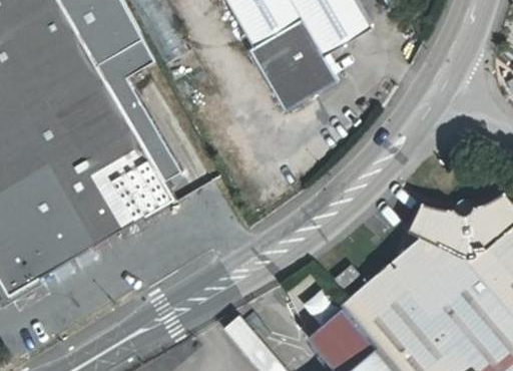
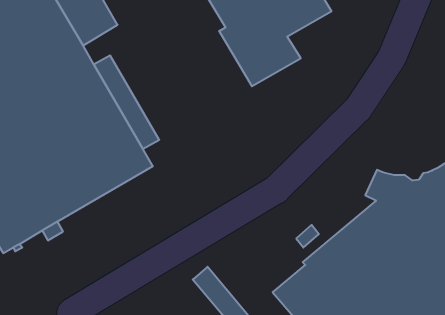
building: [99,42,150,86] -> none

